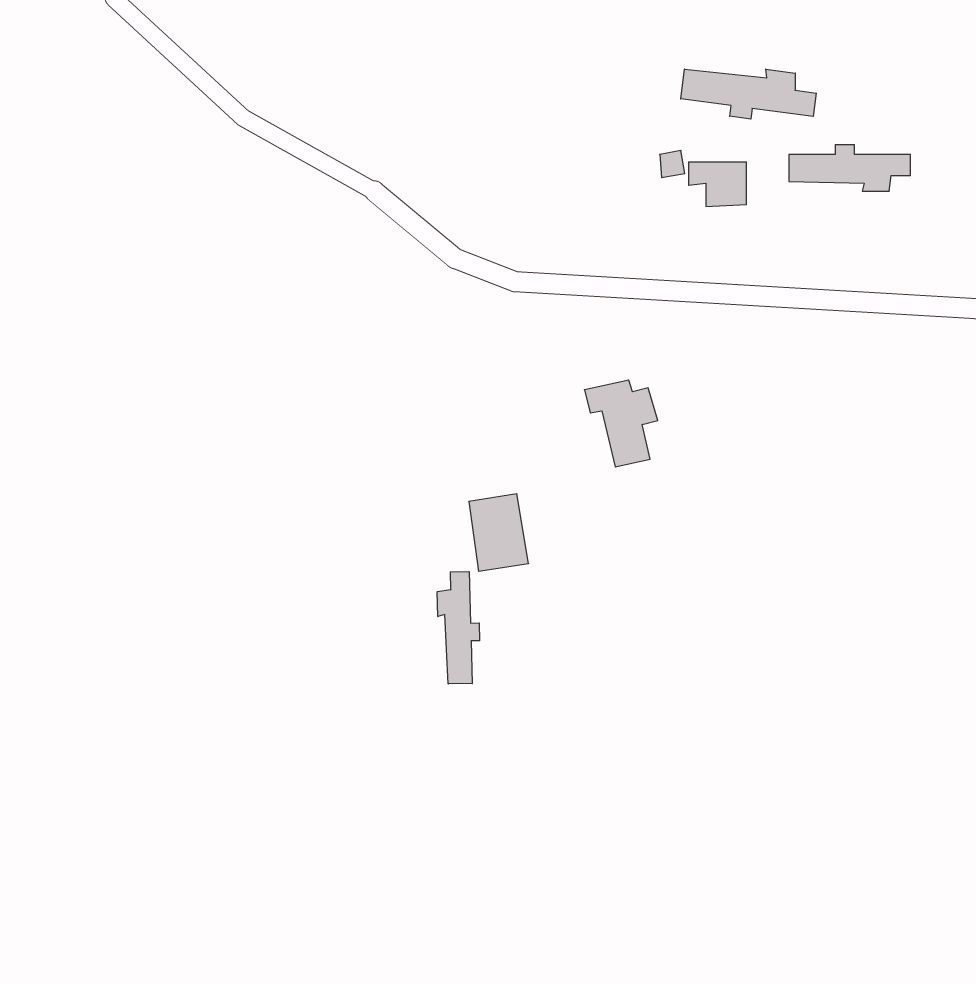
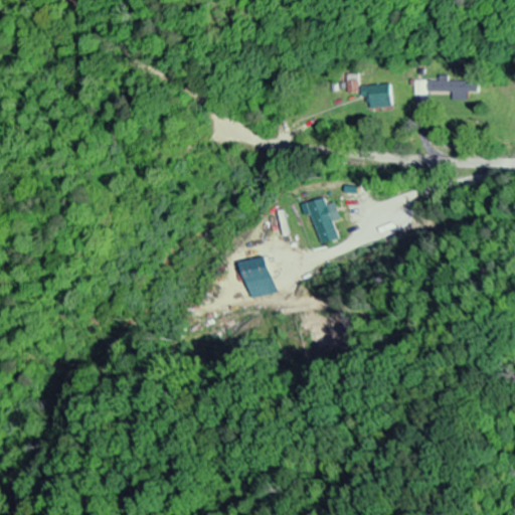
building: [681,69,816,119] -> none
building: [437,572,480,684] -> none

